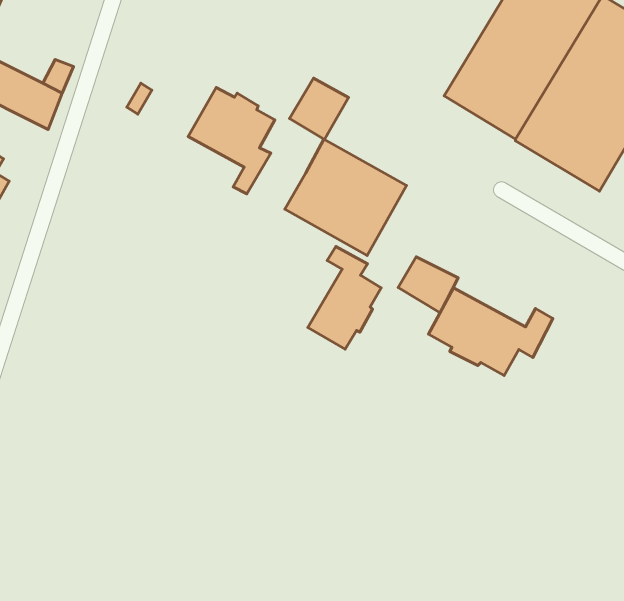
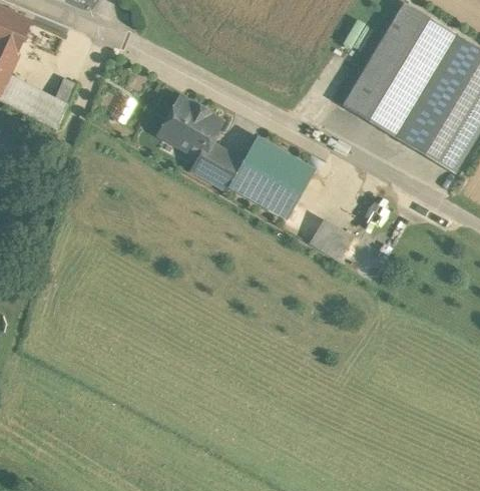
building: [290,78,348,140] -> [200,146,243,190]
building: [308,246,381,349] -> none
building: [429,288,553,375] -> none

